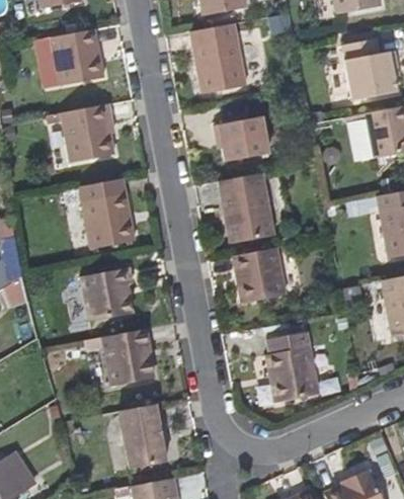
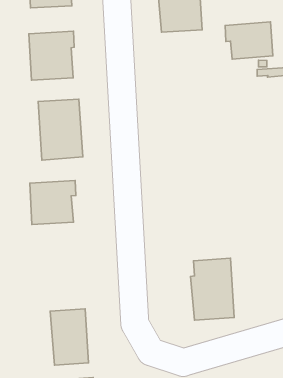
building: [214,116,269,162] -> [225,22,273,59]
building: [220,172,276,244] -> none
building: [233,246,287,302] -> none
building: [102,328,155,387] -> none

